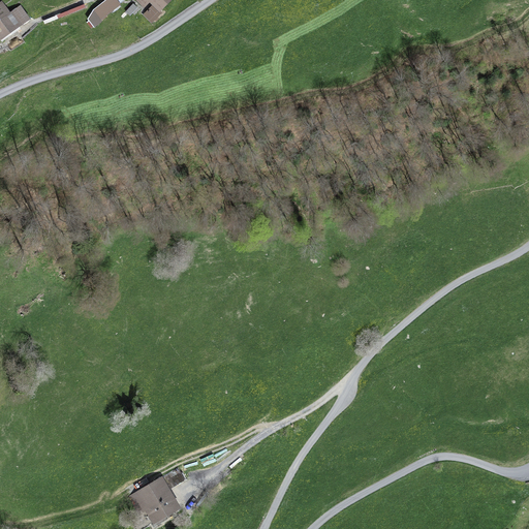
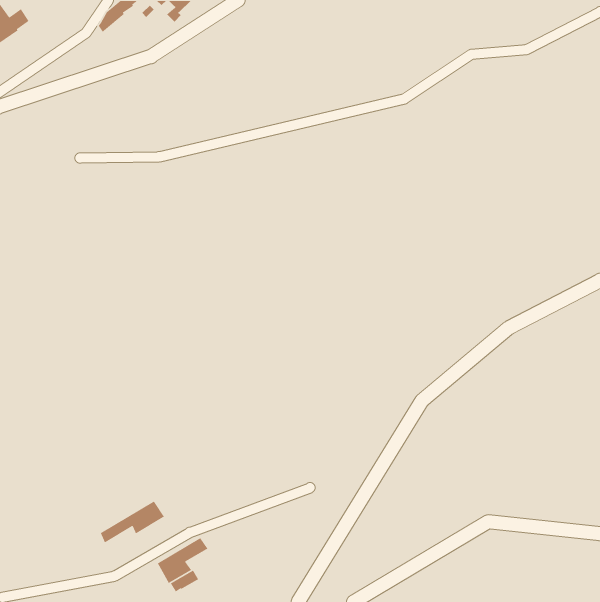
building: none -> [100,501,165,544]

